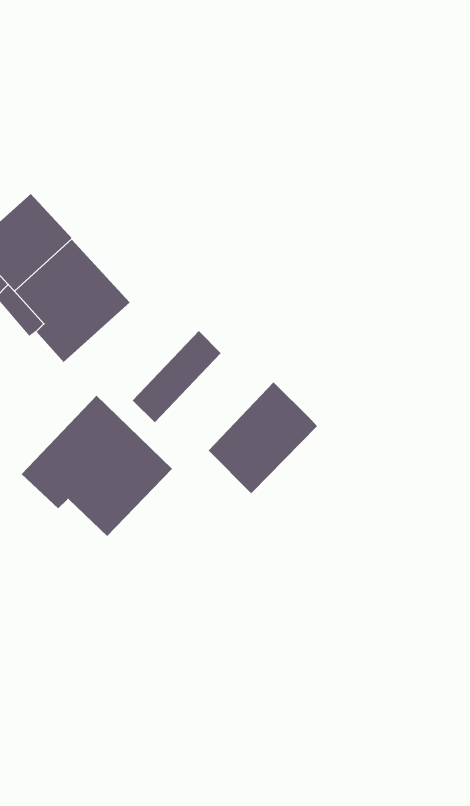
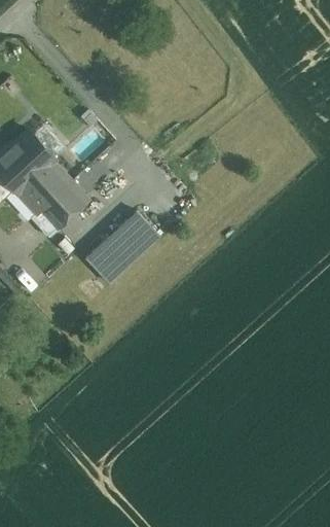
building: [208,382,318,495] -> none
building: [21,395,173,537] -> none

